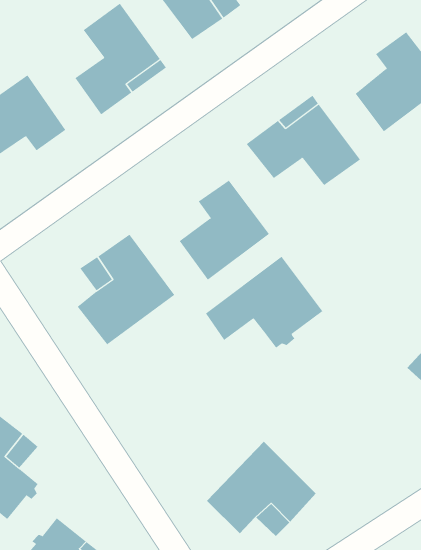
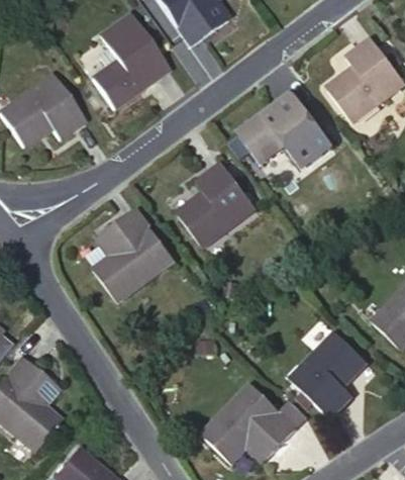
building: [205,256,323,349] -> none
building: none -> [289,330,365,417]

